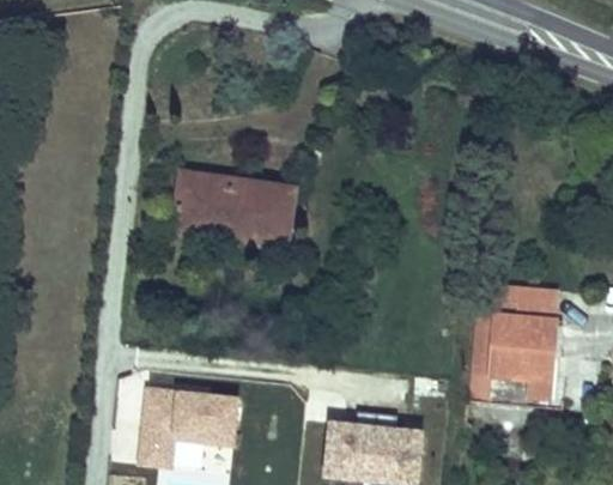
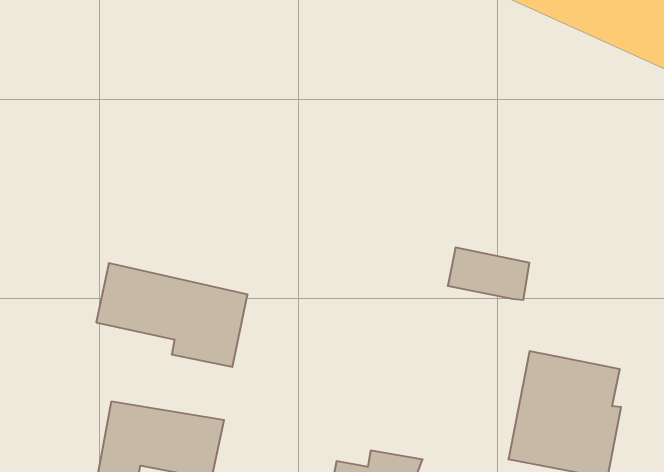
building: [177,174,296,248] -> [96,263,248,367]
building: [498,290,562,327] -> [448,247,529,300]

